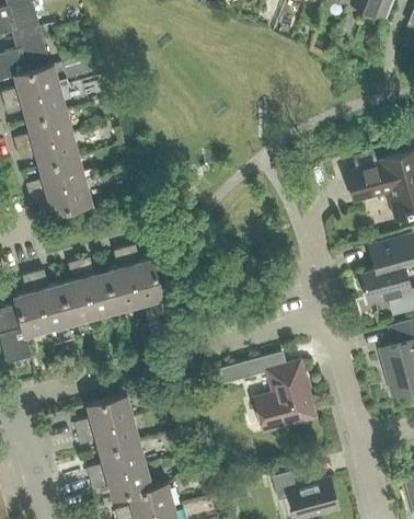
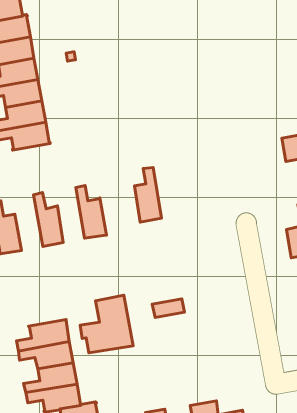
building: [106,249,139,310] -> [135,167,162,222]
building: [60,261,94,323] -> none
building: [254,362,314,429] -> [80,295,133,353]

